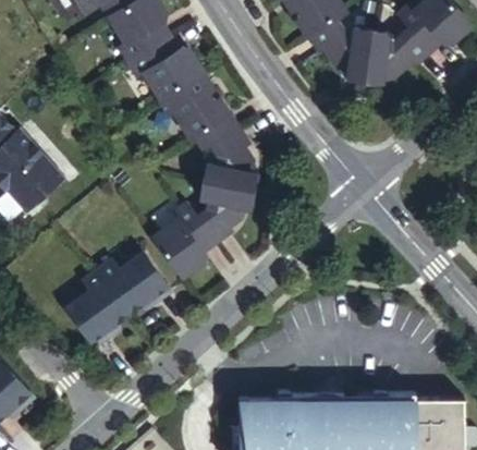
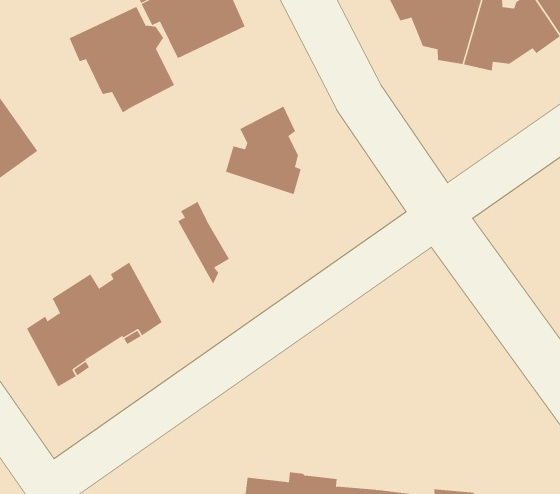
building: [157,70,238,149] -> [69,6,175,113]
building: [193,178,254,241] -> none
building: [147,218,203,280] -> none

